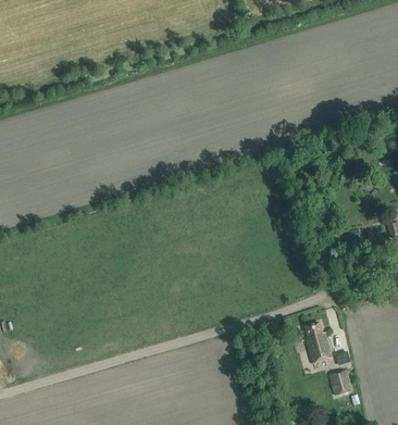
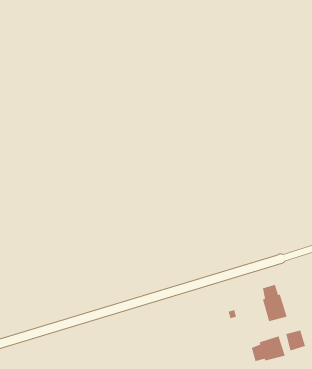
building: none -> [251,336,285,362]

